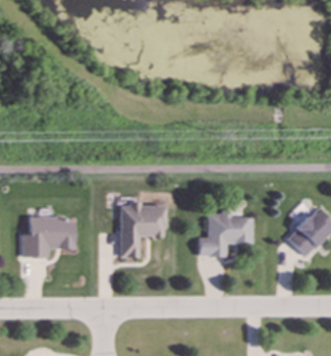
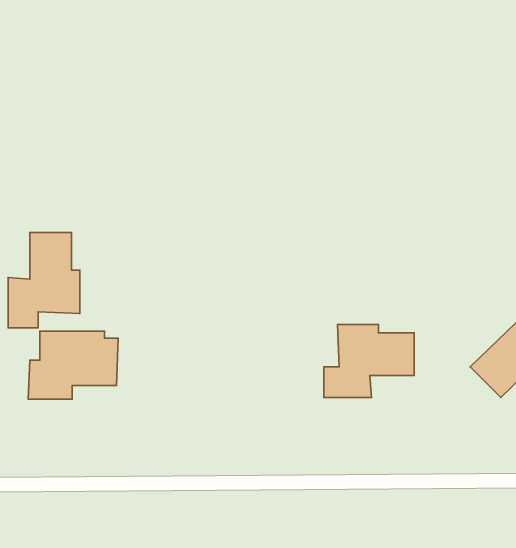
building: none -> [8,232,80,328]
building: [120,204,165,257] -> none

